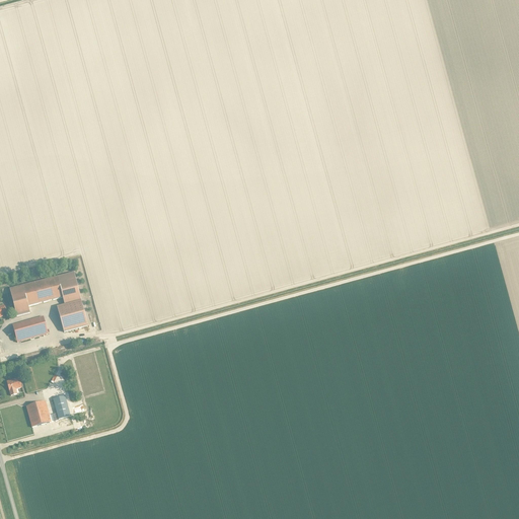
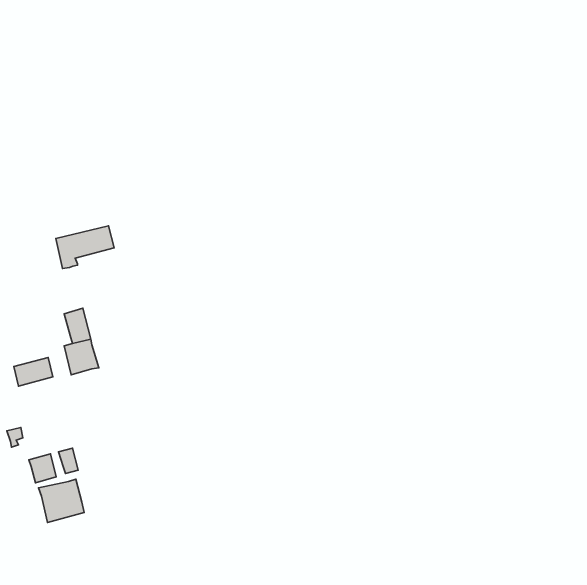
building: [10,277,62,314] -> [56,226,114,269]
building: none -> [39,479,84,522]

